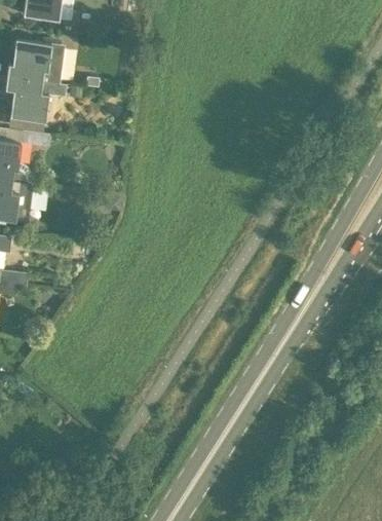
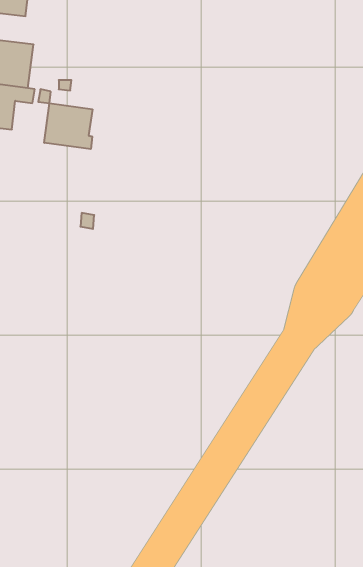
building: none -> [44,103,92,149]

